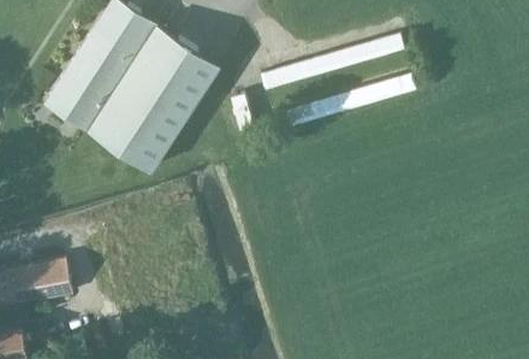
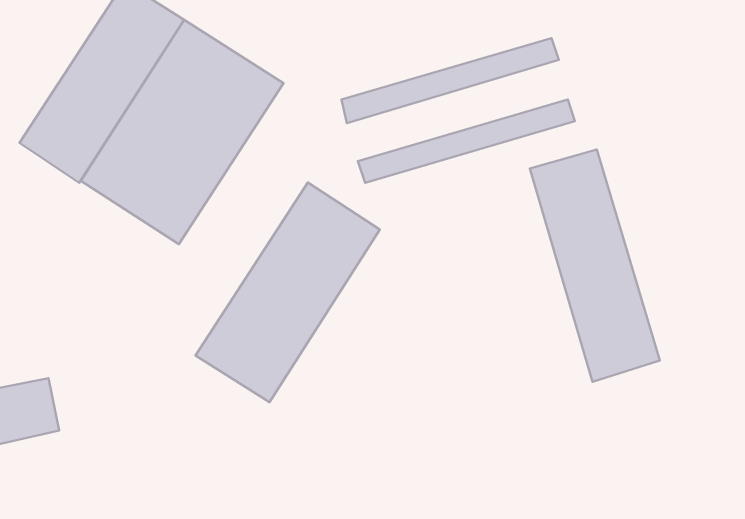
building: none -> [530,149,660,382]
building: none -> [196,182,380,402]

